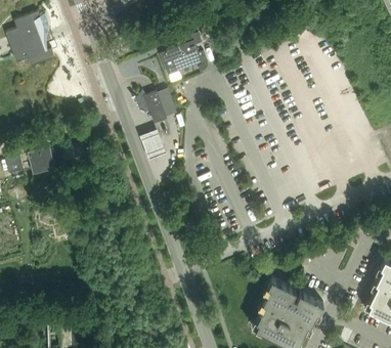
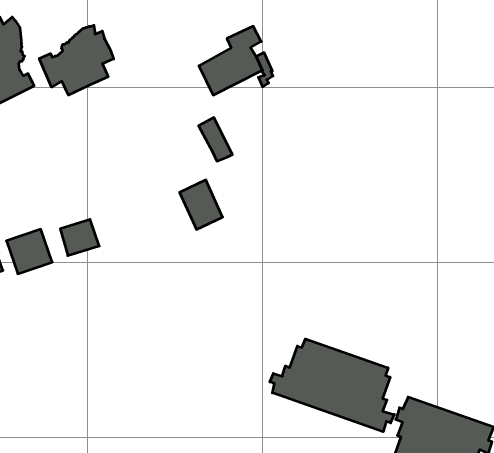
building: none -> [39,25,114,95]
building: [136,91,167,123] -> none
building: none -> [270,339,394,432]

